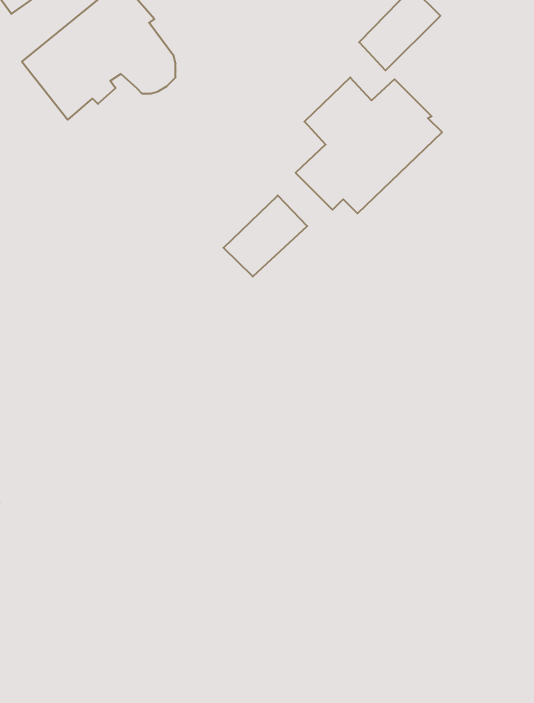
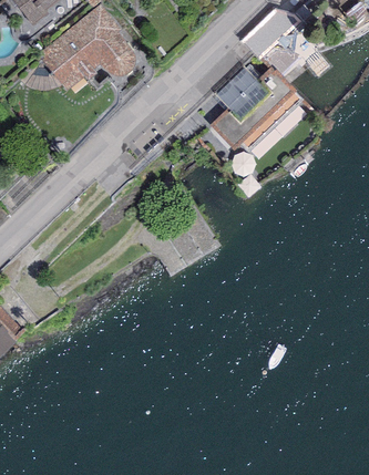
building: [223,195,307,277] -> none

